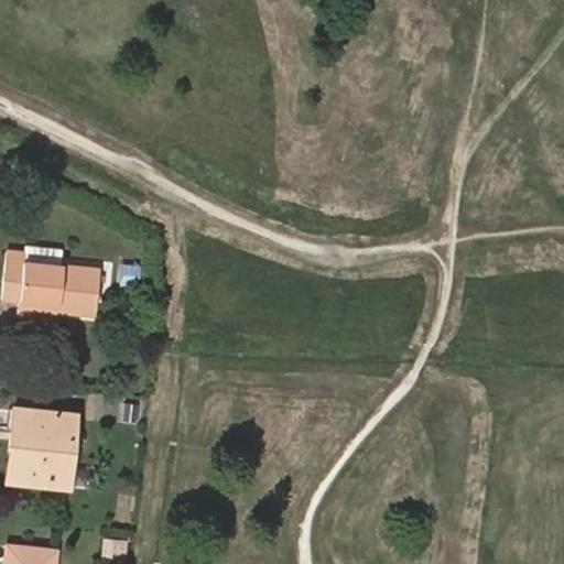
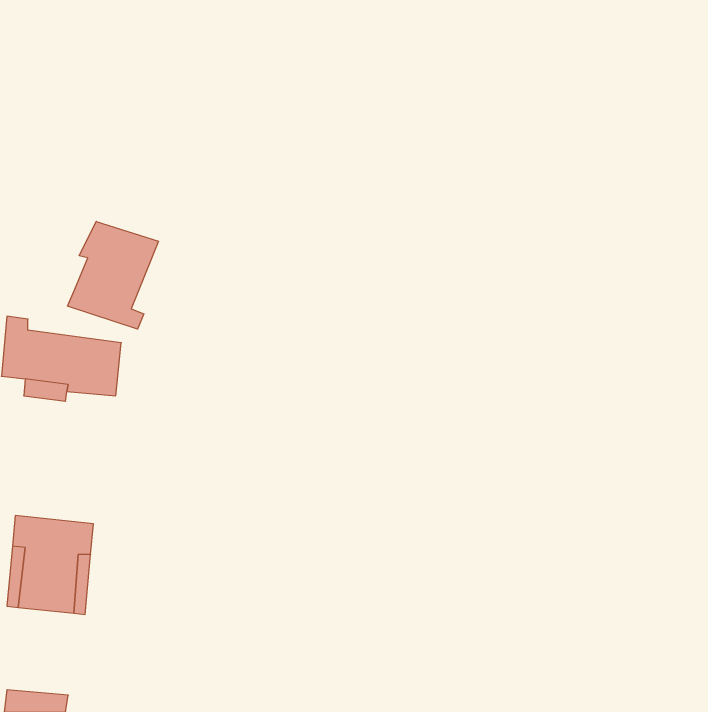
building: none -> [67,221,159,329]

